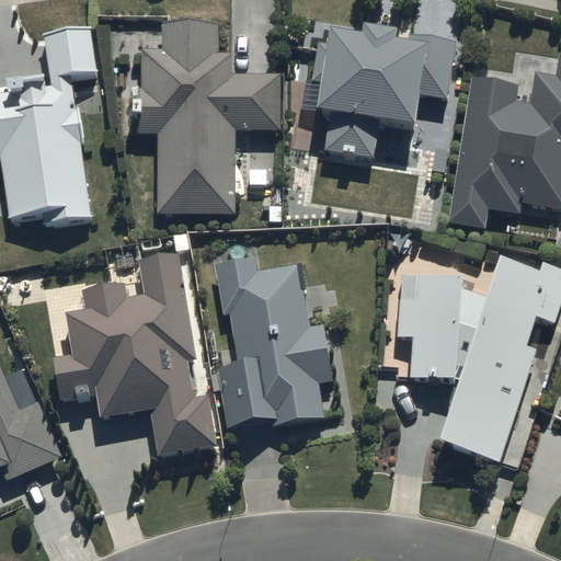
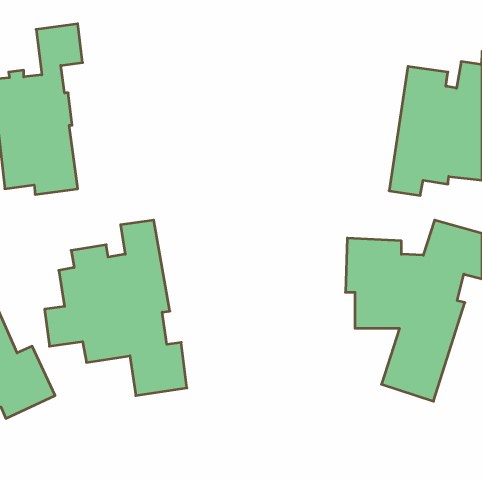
building: [133,20,279,215] -> none
building: [313,27,455,157] -> none
building: [209,256,332,426] -> none

